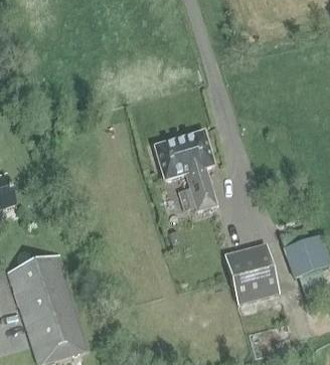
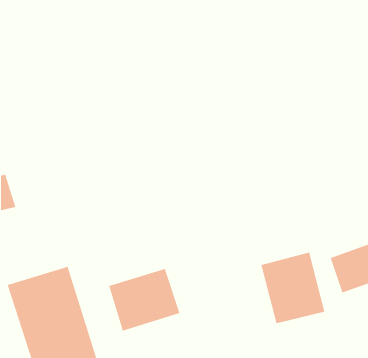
building: [154,129,217,210] -> none
building: none -> [108,268,180,332]

